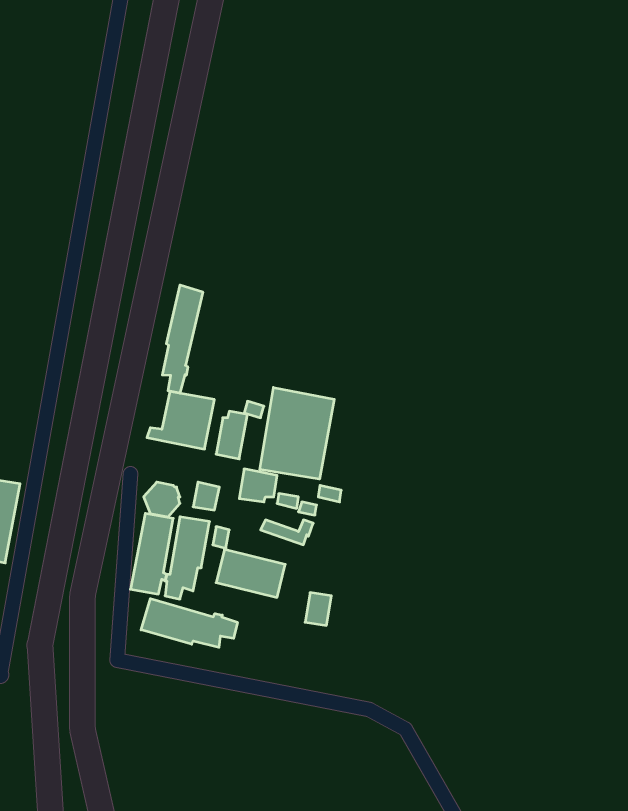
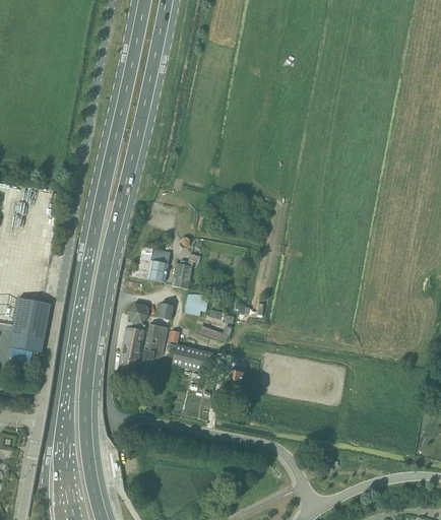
building: [162,285,203,393] -> none
building: [260,387,334,479] -> none
building: [141,599,237,647] -> none

